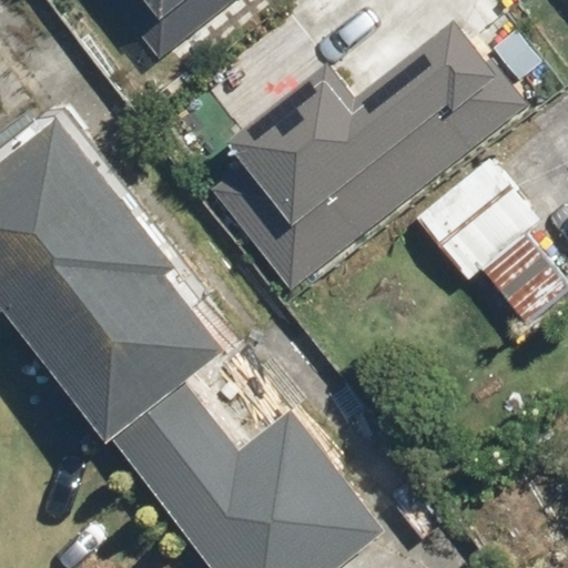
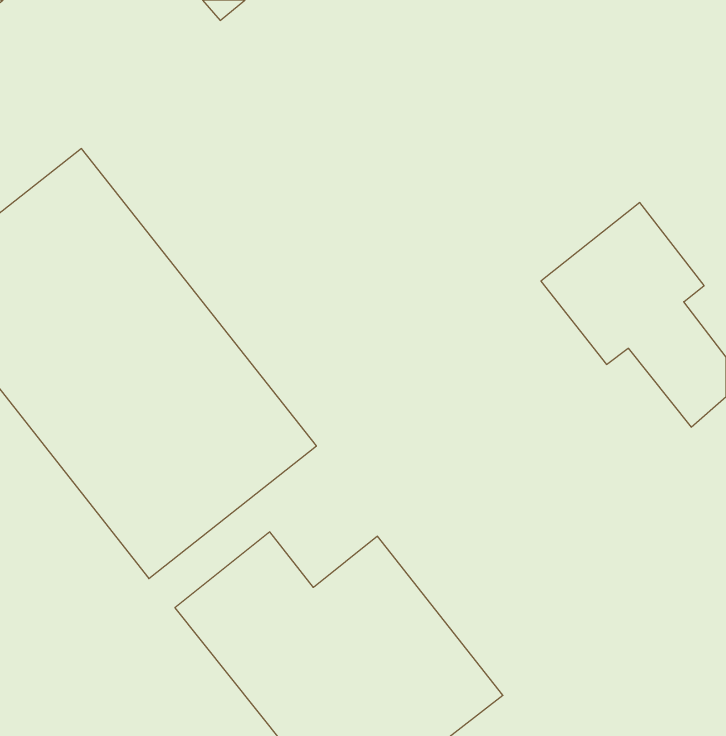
building: [231,21,506,230] -> none

